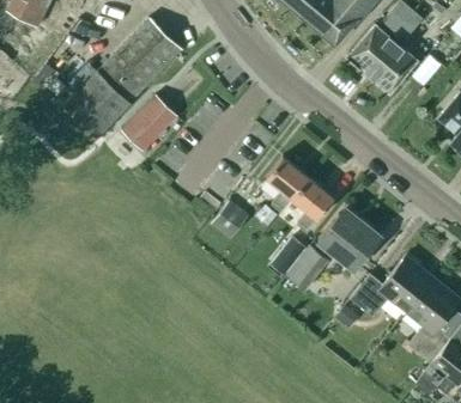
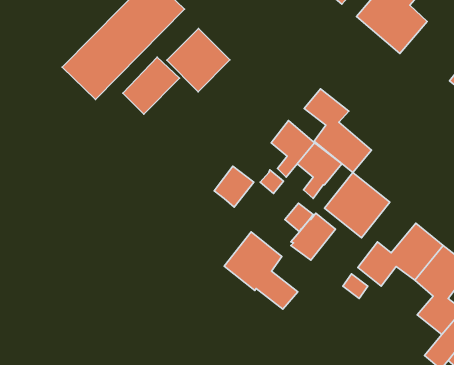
building: none -> [167,28,230,92]
building: none -> [304,89,372,172]
building: none -> [224,232,298,309]

